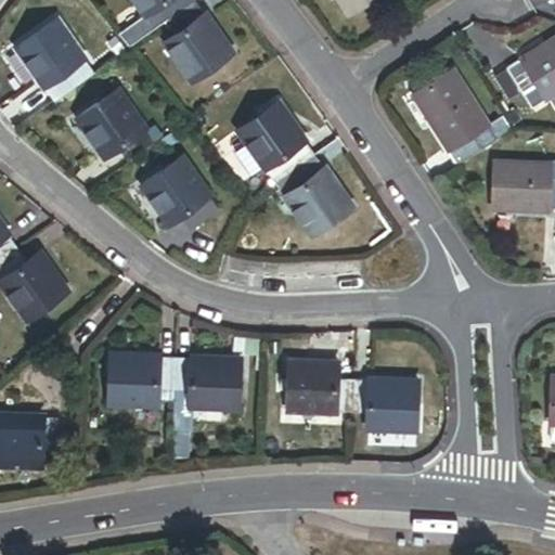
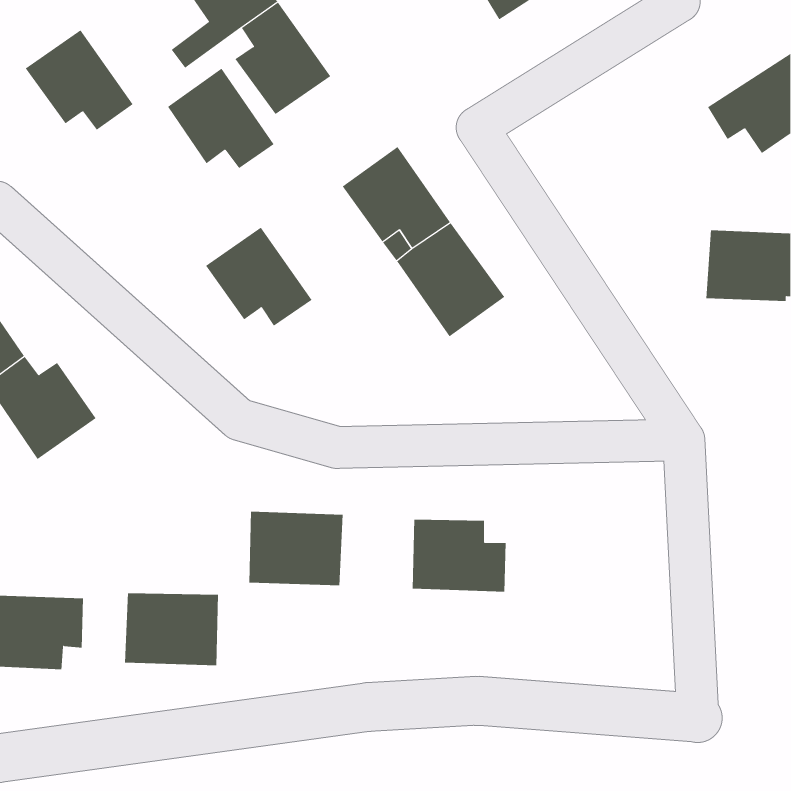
building: [412,68,512,164] -> none
building: [78,90,153,160] -> [167,68,275,169]
building: [108,356,175,406] -> [124,593,219,666]
building: [352,378,417,430] -> none

